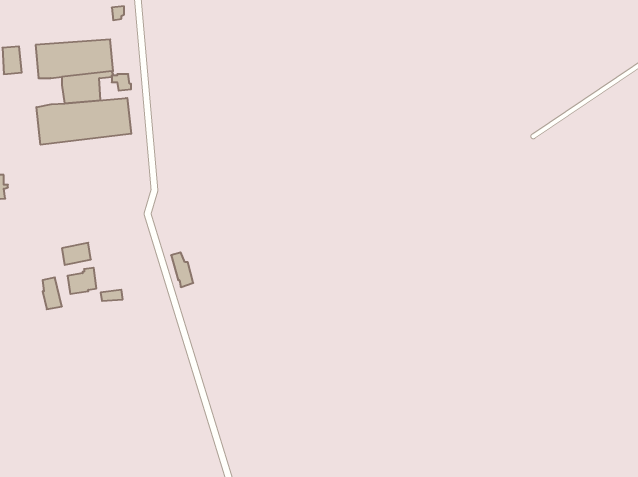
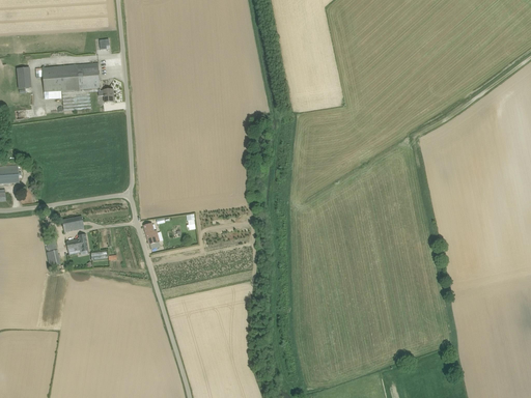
building: [36,98,131,145] -> none

